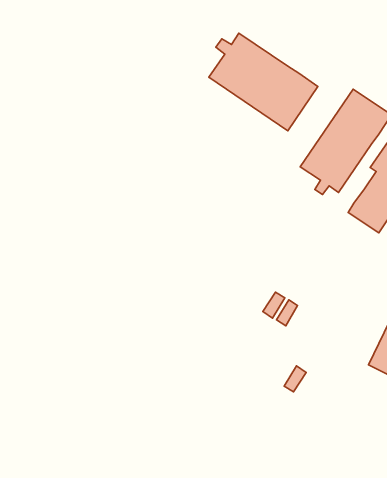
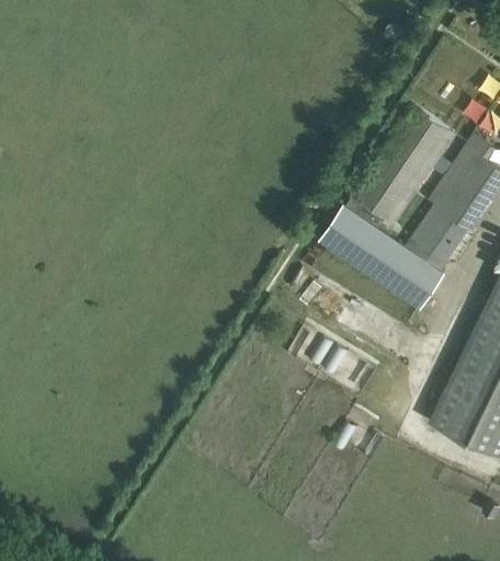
building: [209,33,318,131] -> none
building: none -> [319,205,445,310]

